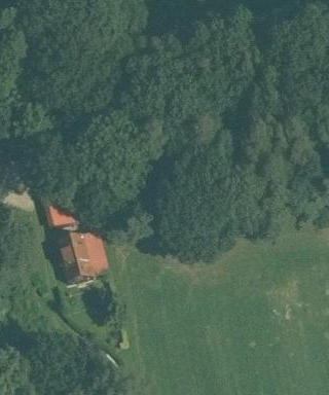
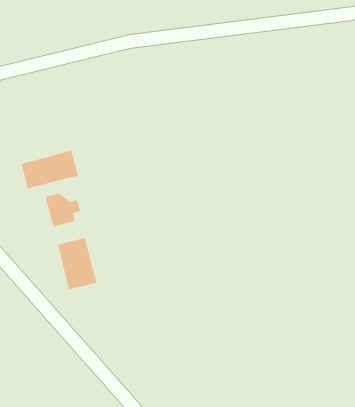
building: none -> [21,150,79,189]

